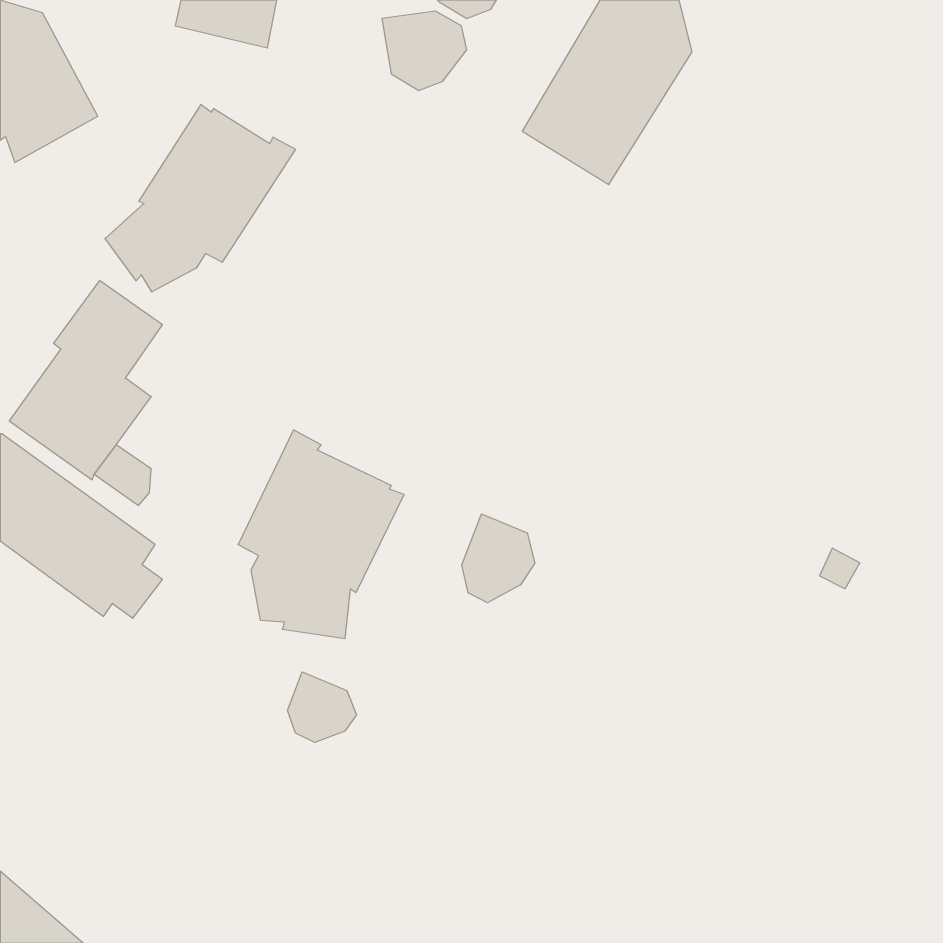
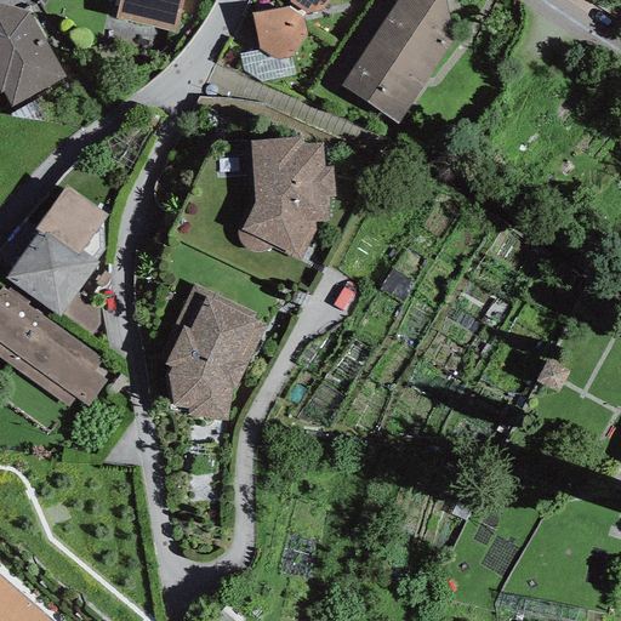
building: [105,104,295,292] -> none
building: none -> [237,135,334,260]
building: [462,514,535,603] -> none
building: [287,672,356,742] -> none

